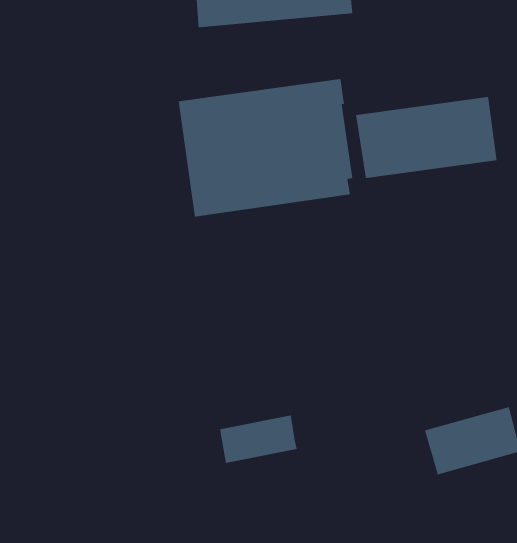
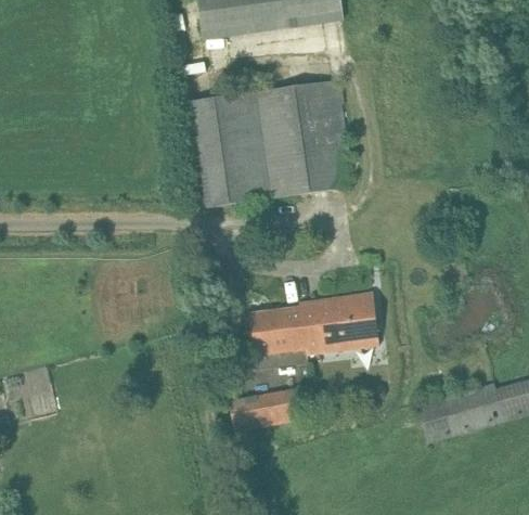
building: [356,96,497,179] -> none
building: none -> [245,293,376,355]

